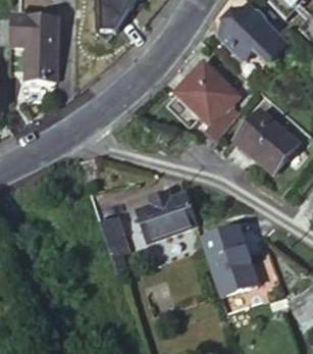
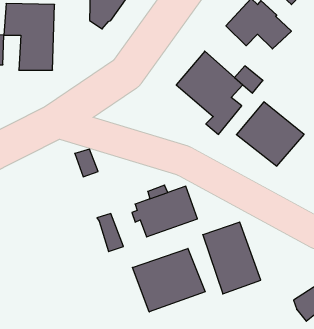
building: none -> [132,248,205,312]

